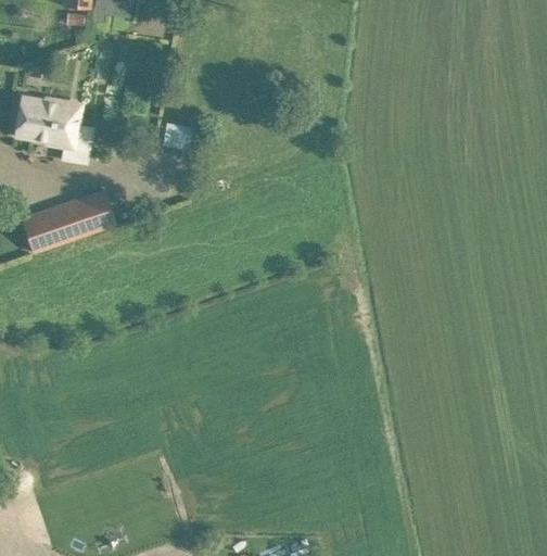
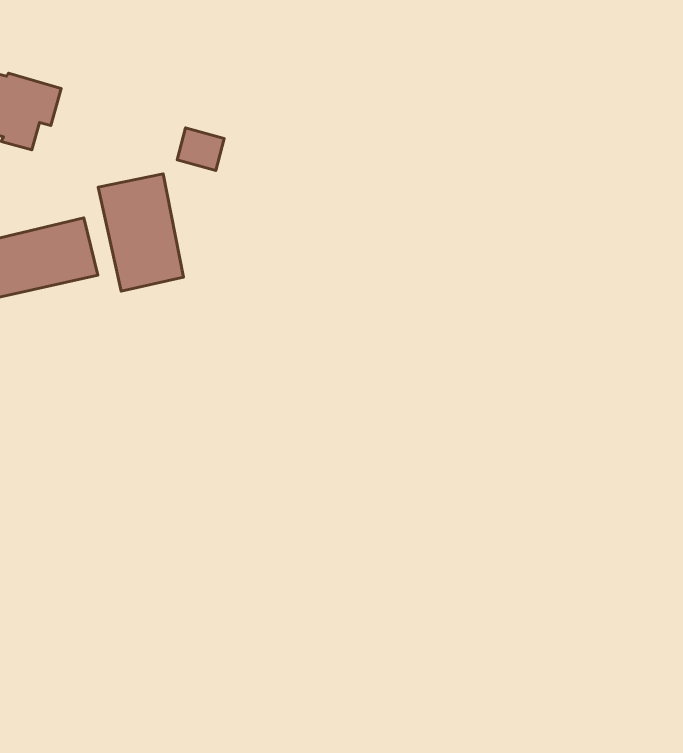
building: none -> [98,174,184,291]

